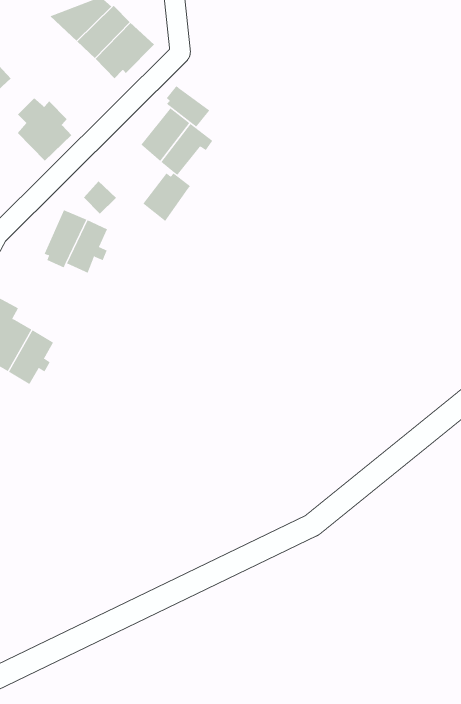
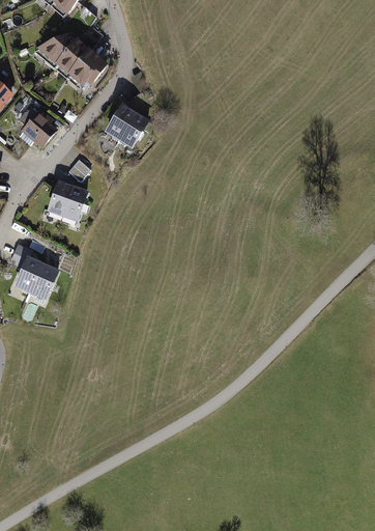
building: [166,85,210,128] -> none
building: [142,172,191,222] -> none

